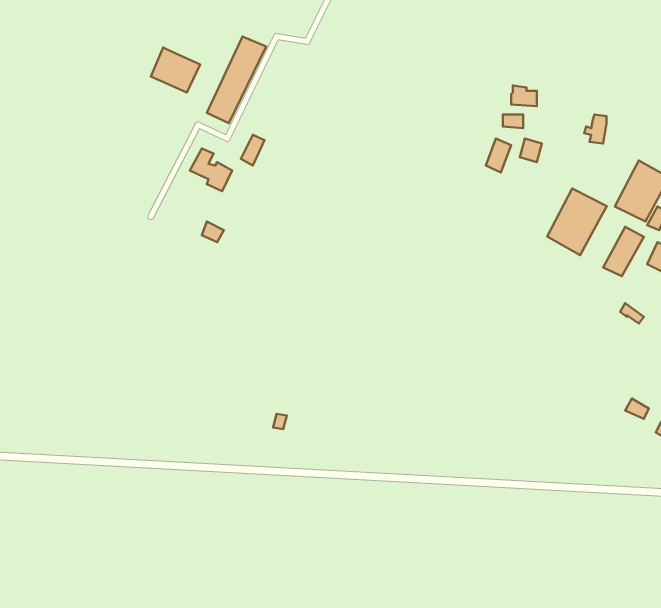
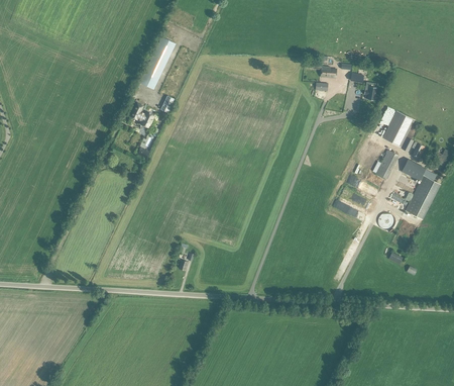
building: [151,47,200,92] -> none
building: [547,189,607,255] -> none

